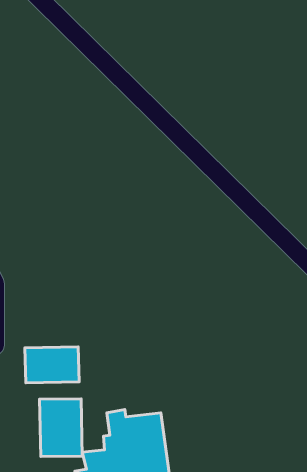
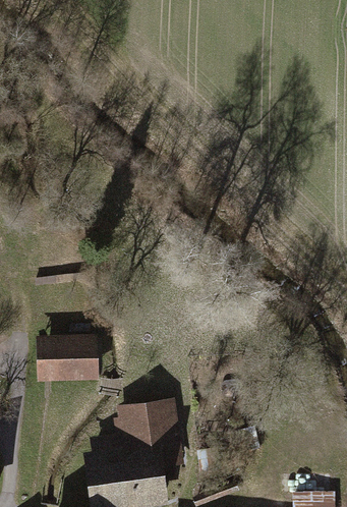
building: [40,399,82,457] -> none

